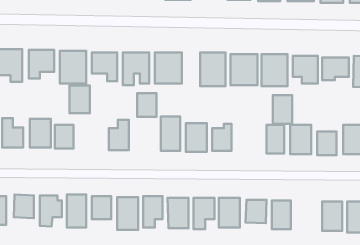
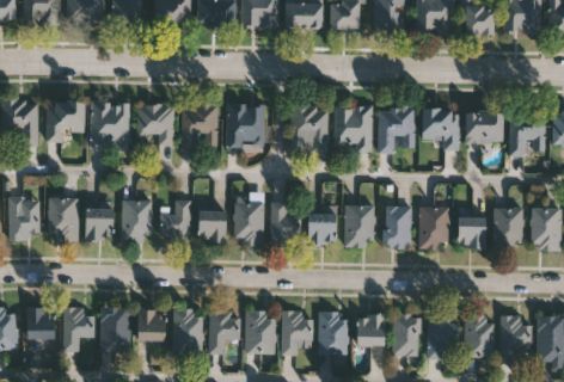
building: [70,85,90,113] -> [123,202,152,241]
building: [137,93,157,117] -> [198,211,226,245]
building: [273,95,292,124] -> [347,205,374,246]
building: none -> [429,315,459,359]

